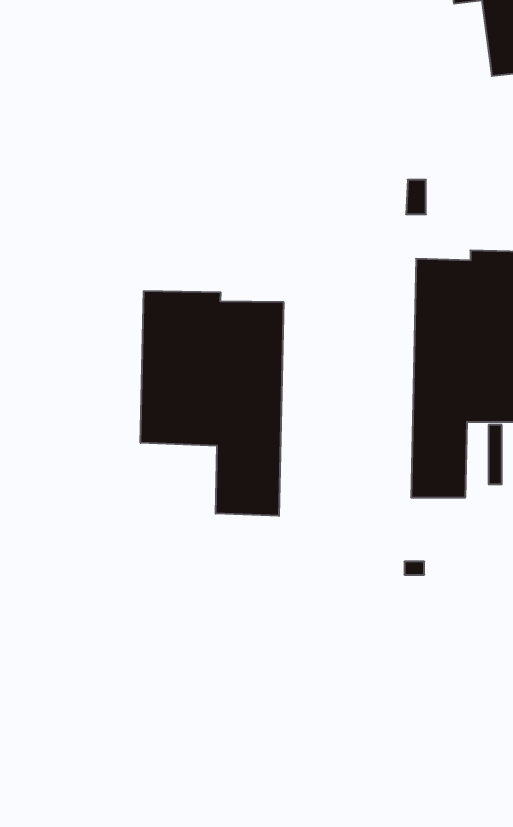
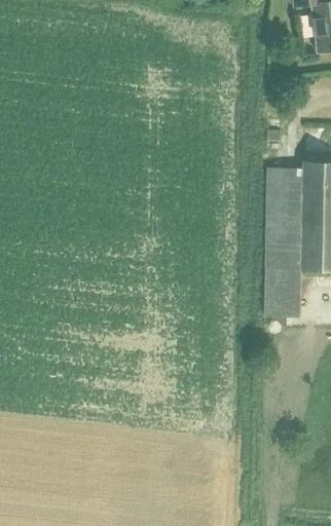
building: [141,291,283,516] -> none

